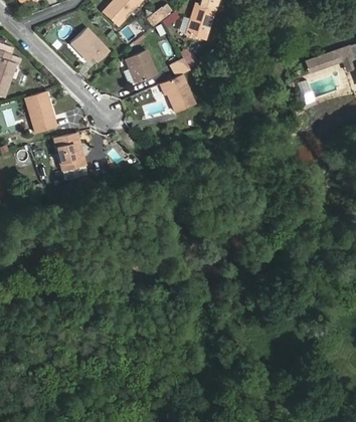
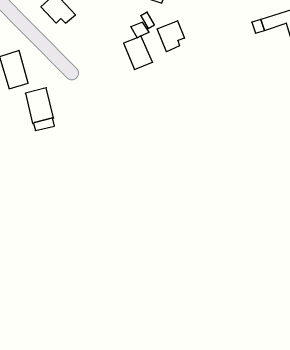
building: [125,49,157,82] -> none
building: none -> [157,21,184,52]

